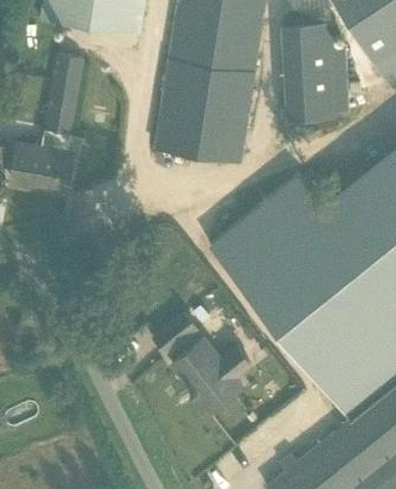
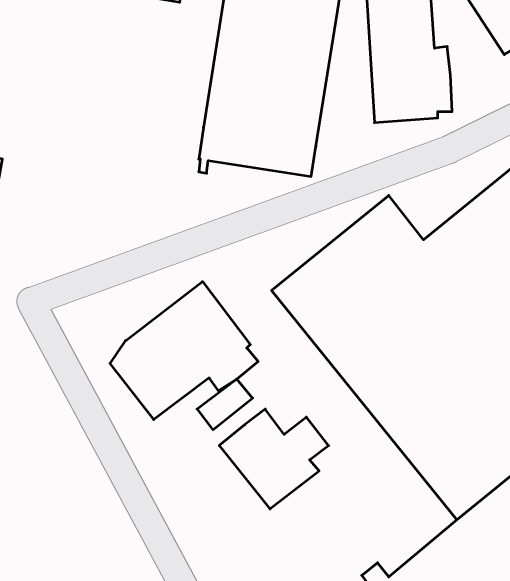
building: [10,54,83,195] -> none
building: none -> [110,282,258,420]

